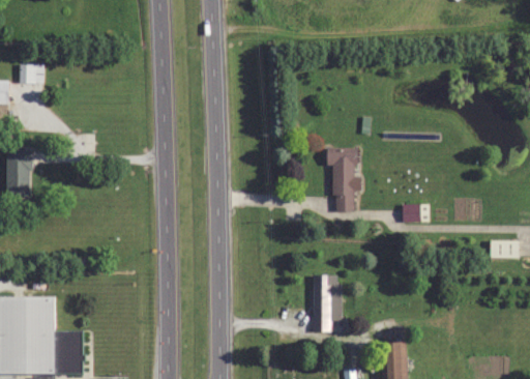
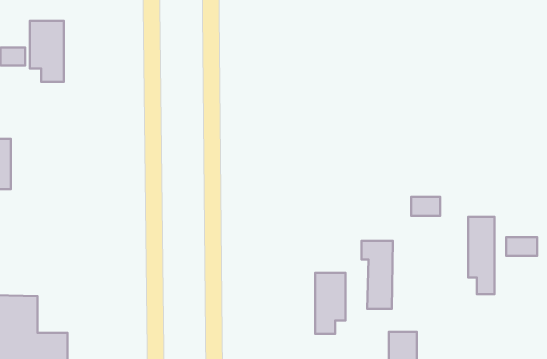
building: none -> [30,21,64,82]
building: [327,147,356,210] -> [362,241,393,309]
building: none -> [468,217,494,294]

